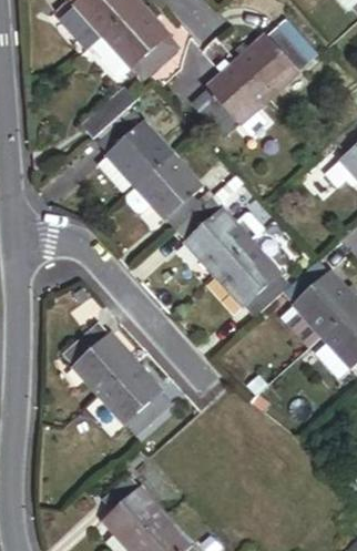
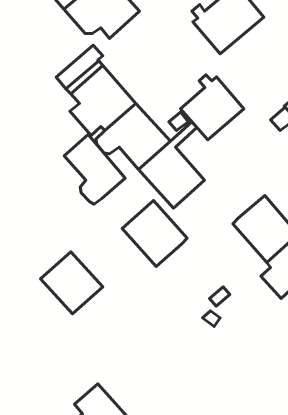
building: [197,60,269,134] -> [181,75,244,140]
building: none -> [64,135,125,204]
building: [216,243,290,318] -> [122,200,187,266]
building: [101,365,172,437] -> none

